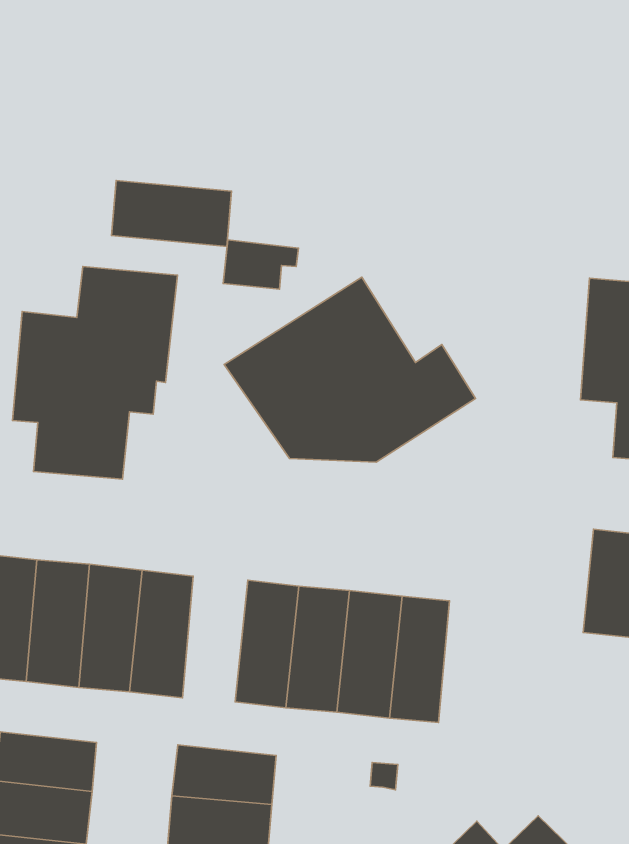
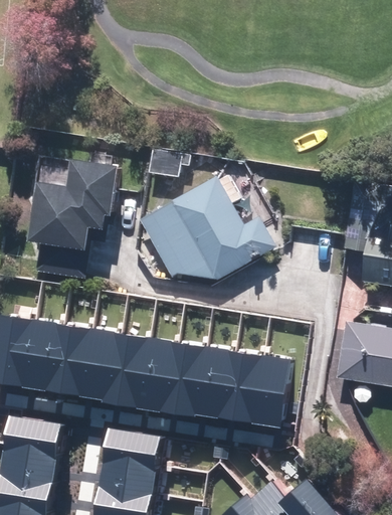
building: [111,180,231,247] -> none
building: none -> [111,334,151,405]
building: none -> [252,356,290,428]

